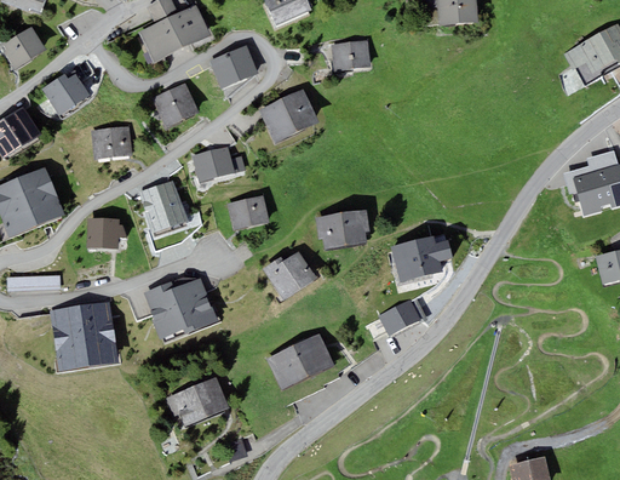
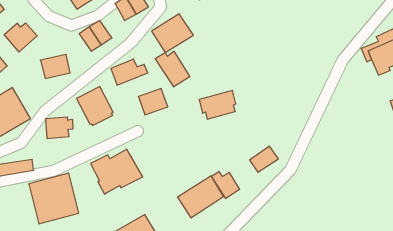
building: none -> [155,51,190,87]
building: [391,235,453,282] -> none
building: [263,253,314,301] -> none
building: none -> [211,171,240,199]

